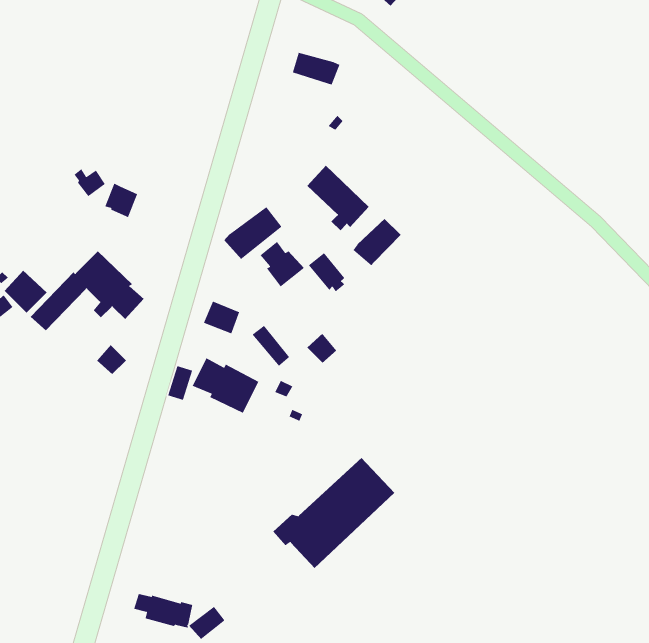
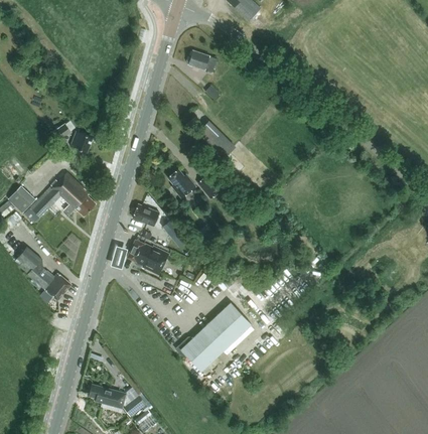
building: [223,206,283,260] -> none
building: [353,218,401,266] -> none
building: none -> [16,247,70,300]

